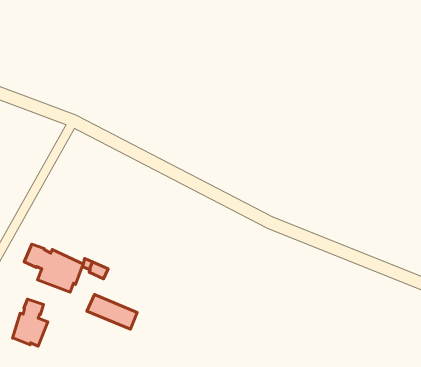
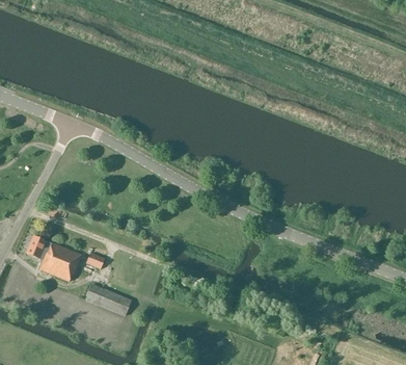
building: [13,299,48,346] -> none

